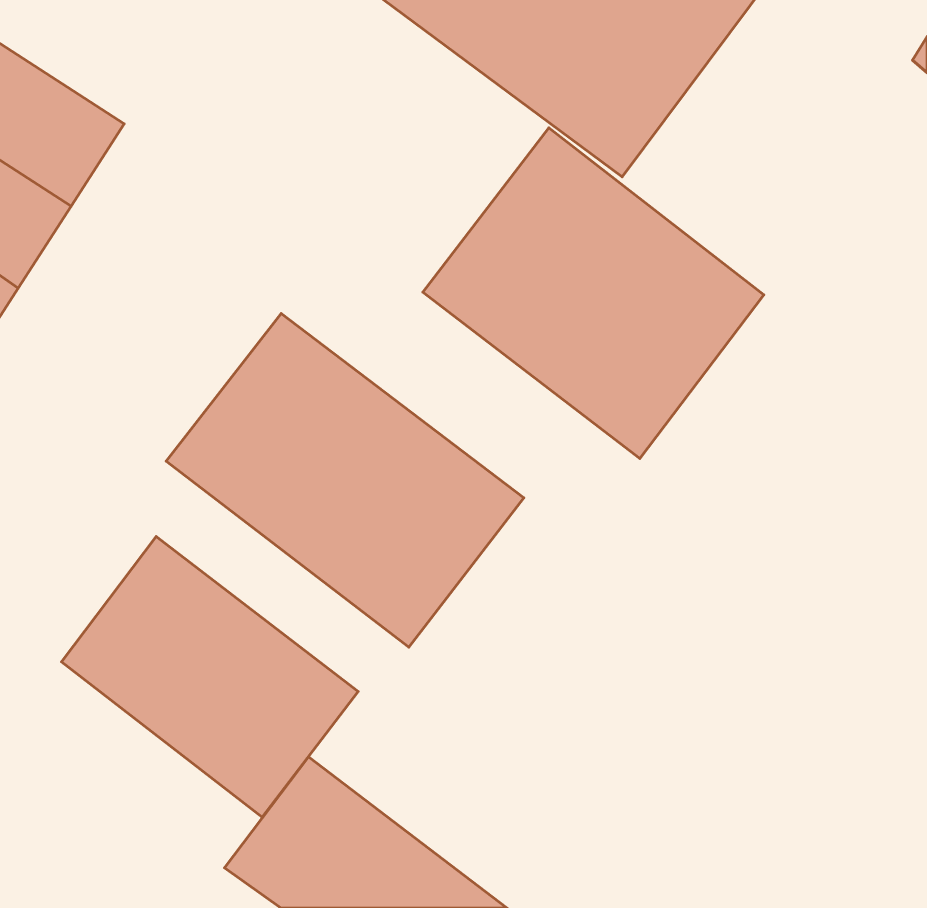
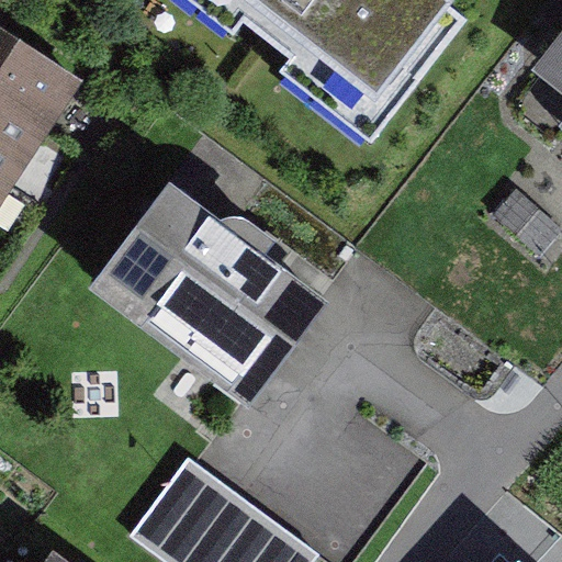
building: [423,128,764,458] -> none
building: [61,537,358,817] -> none

